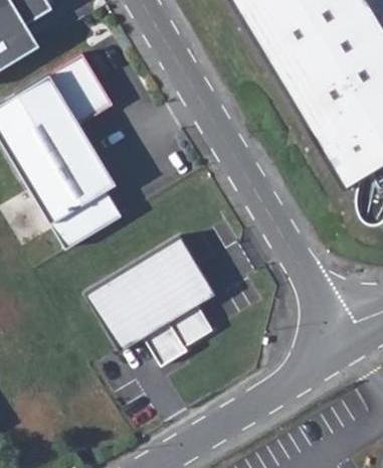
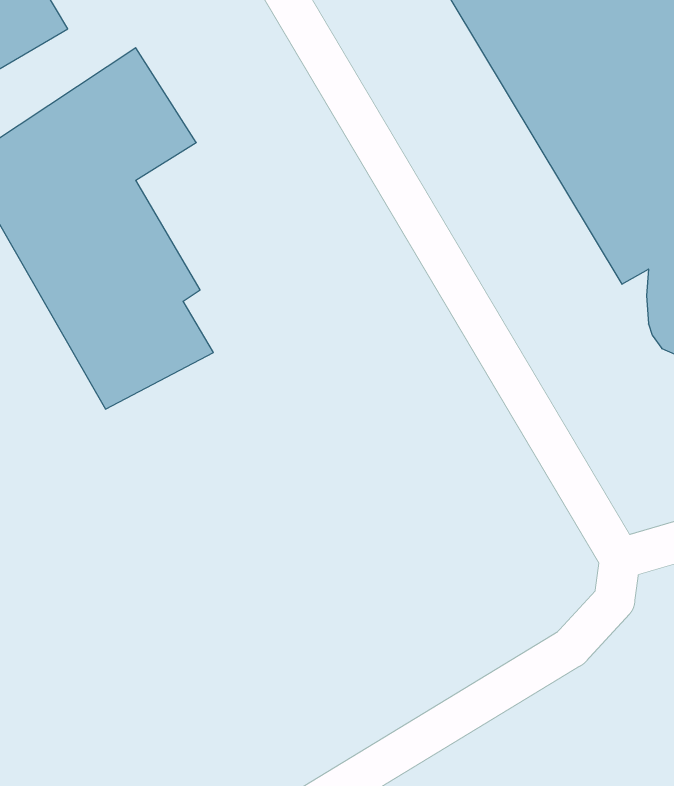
building: [85,237,217,366] -> none

